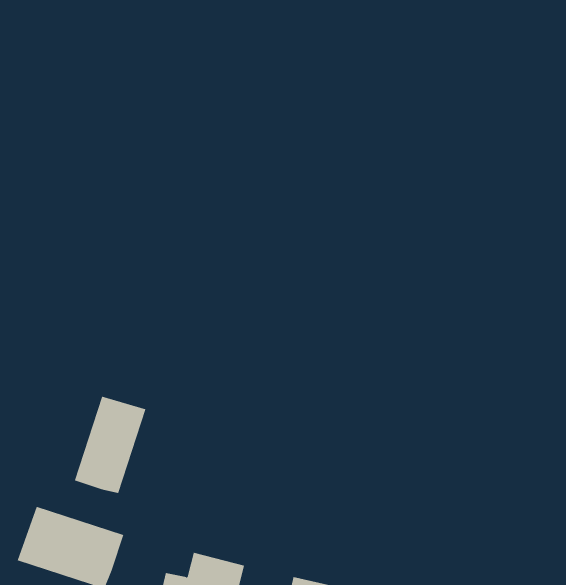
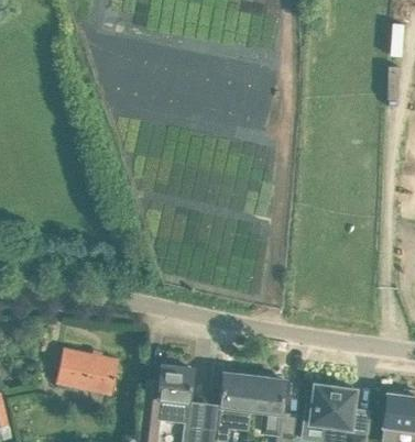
building: [74,396,146,494] -> none

